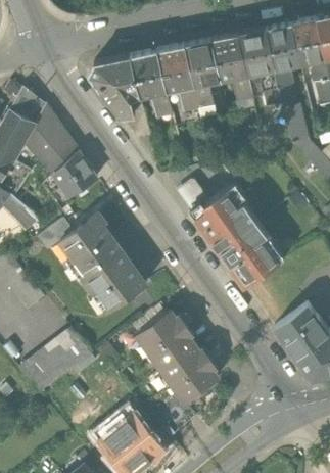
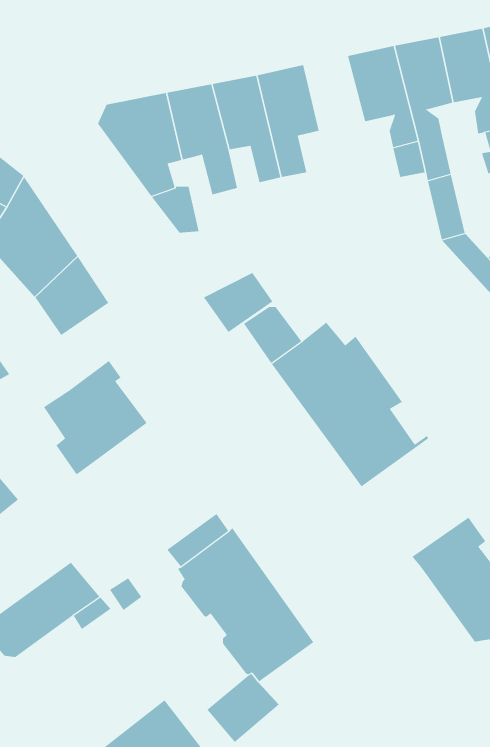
building: [211,34,252,98] -> none
building: none -> [203,272,273,333]
building: [39,217,74,248] -> none
building: [81,249,145,310] -> none

